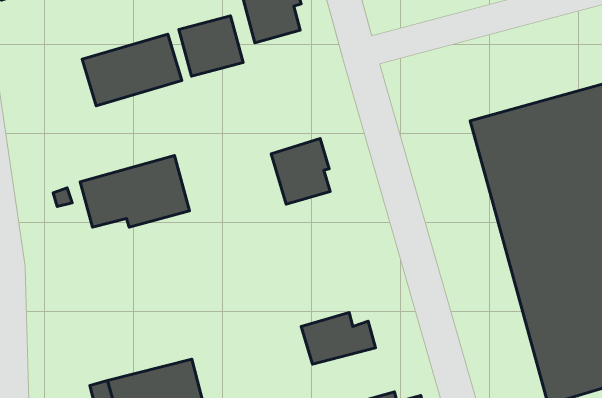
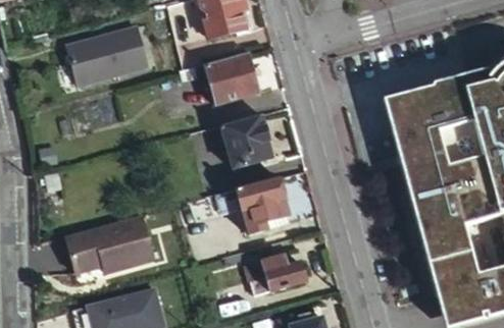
building: [179,16,243,76] -> [205,54,257,103]
building: [80,155,190,227] -> [67,214,156,272]
building: none -> [218,177,289,226]

